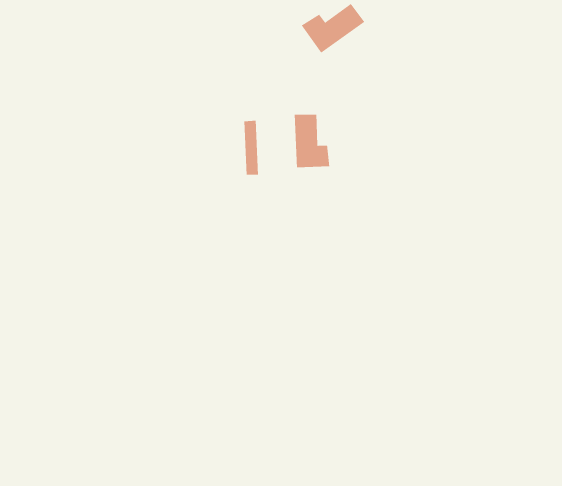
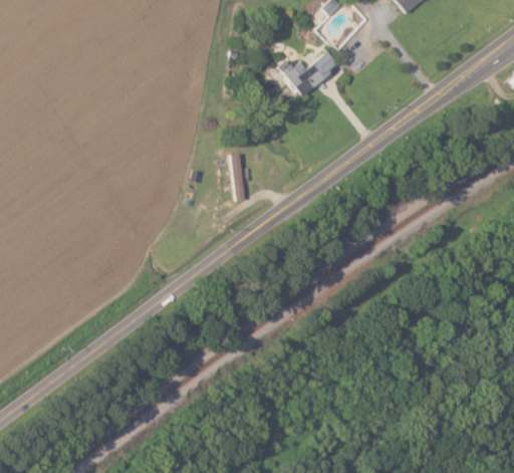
building: [294,114,330,168] -> none

